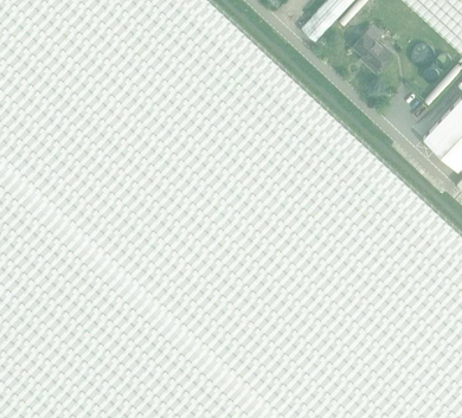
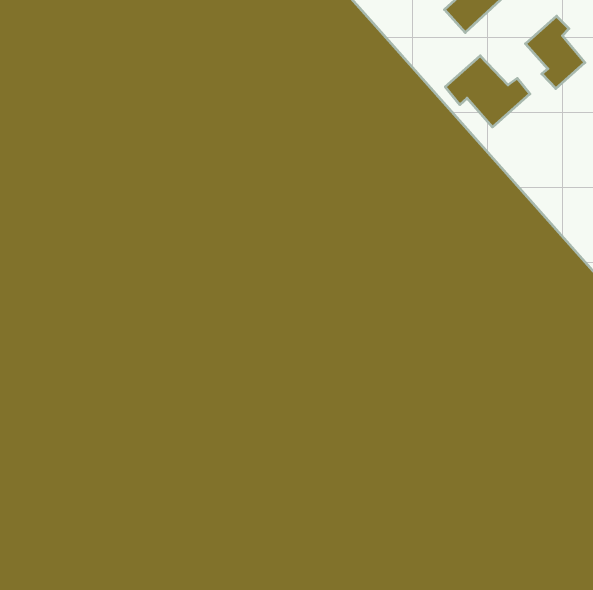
building: none -> [445,56,530,127]

